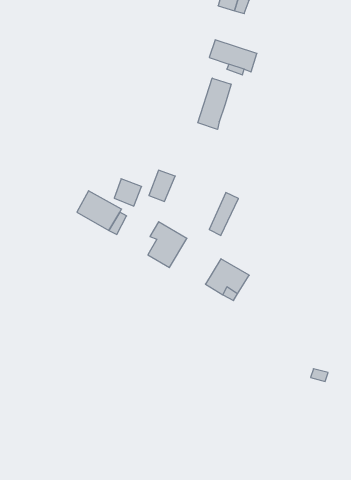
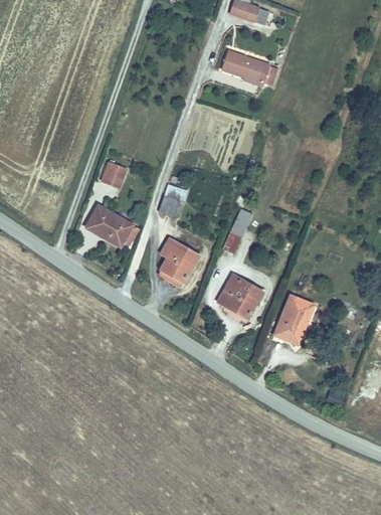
building: [198,78,231,129] -> none
building: [114,179,142,206] -> [100,160,128,188]
building: none -> [275,298,314,342]

